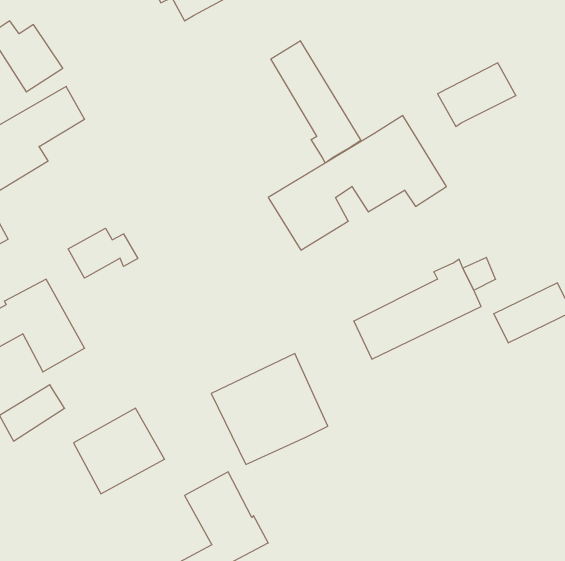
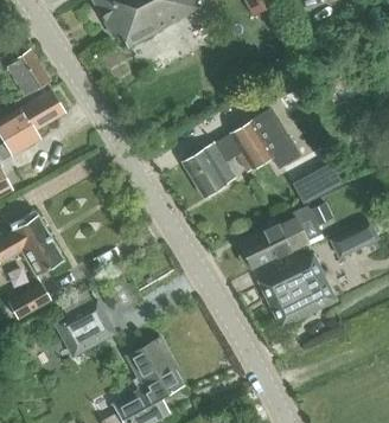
building: [271,41,361,163] -> none
building: [438,63,516,127] -> [292,164,343,205]
building: [68,228,138,278] -> none
building: [211,354,328,464] -> [256,255,332,327]

